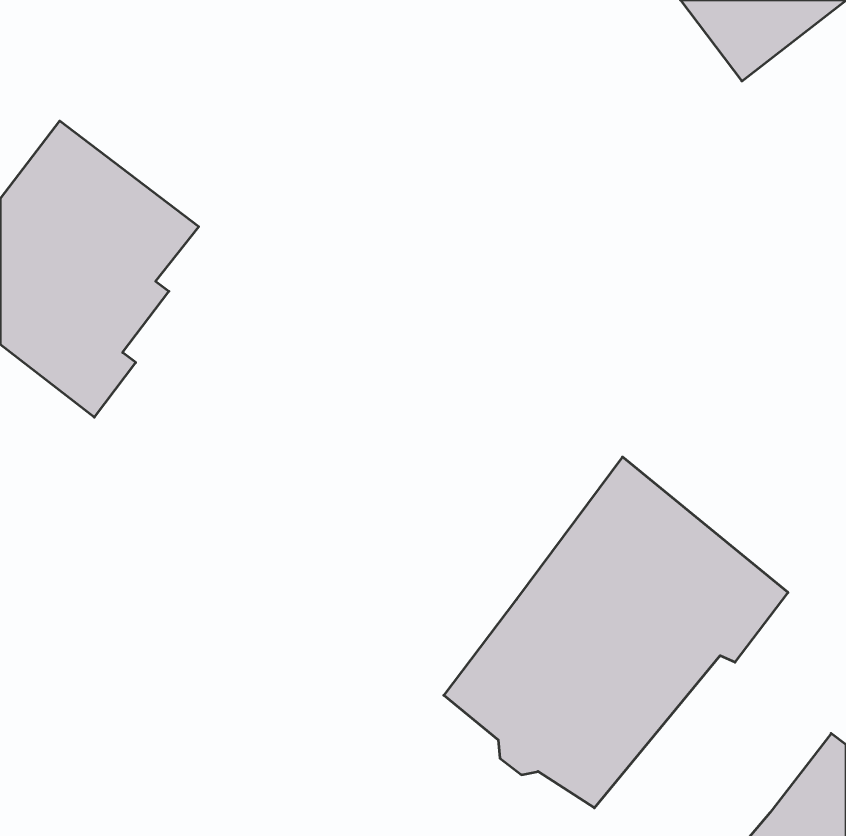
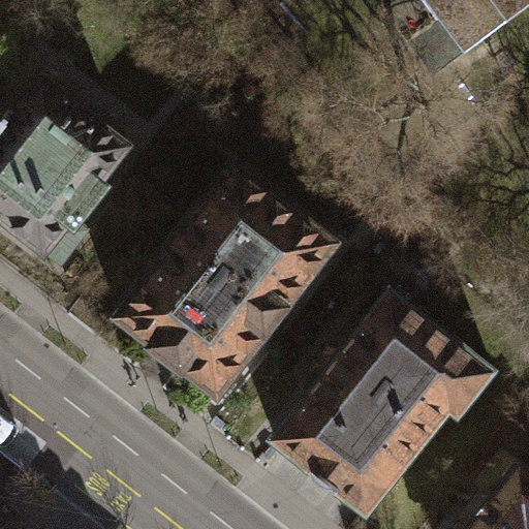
building: none -> [120,177,323,396]

